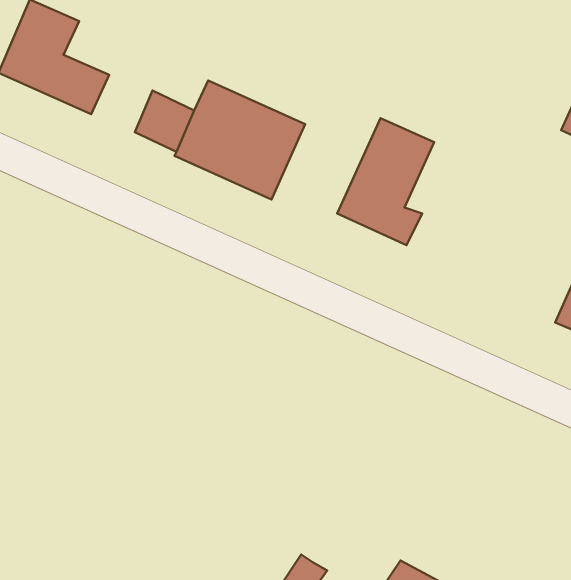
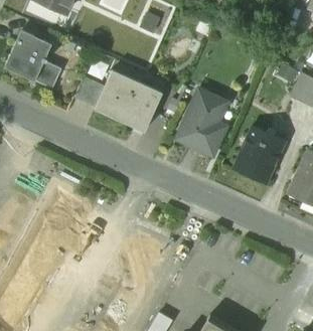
building: none -> [234,127,287,184]

